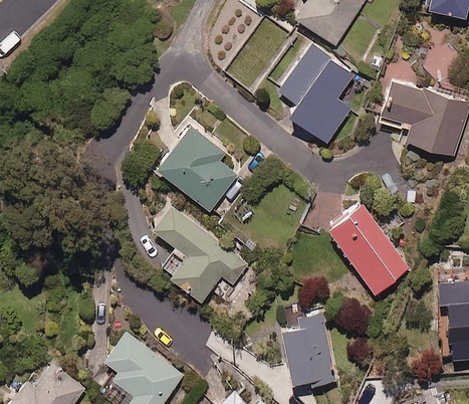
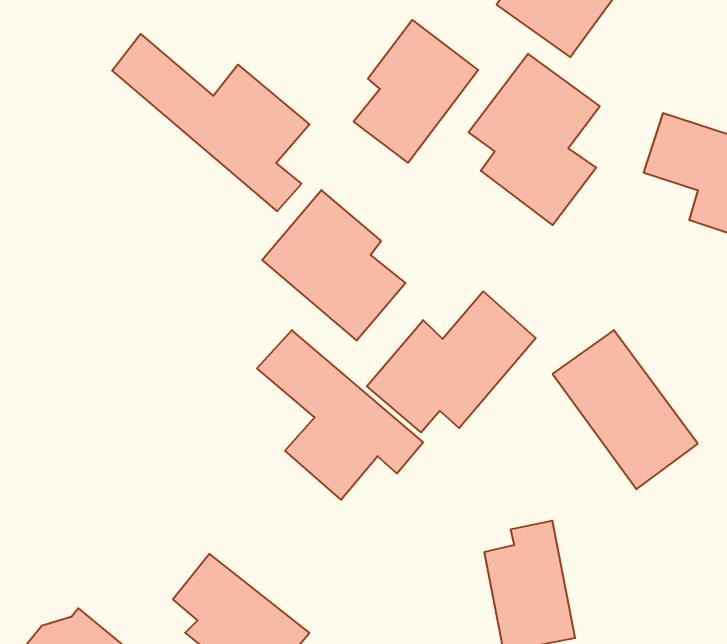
building: none -> [354,20,478,163]
building: none -> [112,34,310,211]
building: none -> [367,291,536,432]

